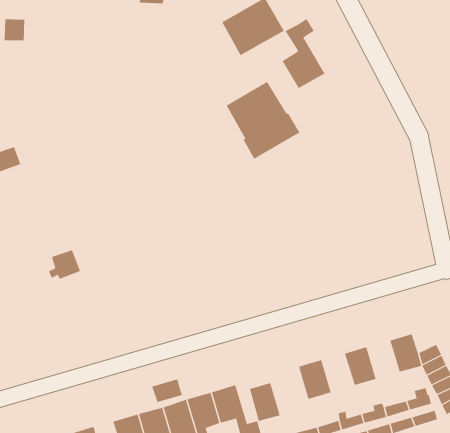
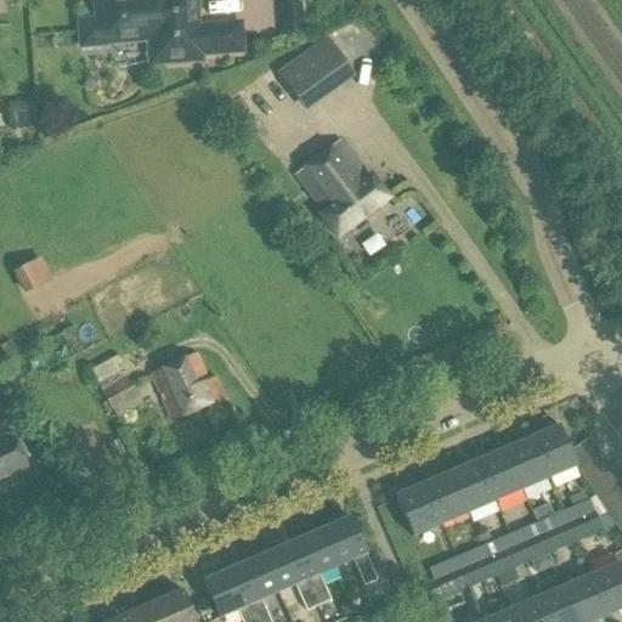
building: [282,18,325,89] -> none
building: none -> [152,351,226,418]
building: none -> [505,437,549,487]
building: none -> [452,460,496,510]
building: [152,379,182,403] -> none
building: [249,383,281,422] -> [398,484,441,533]

